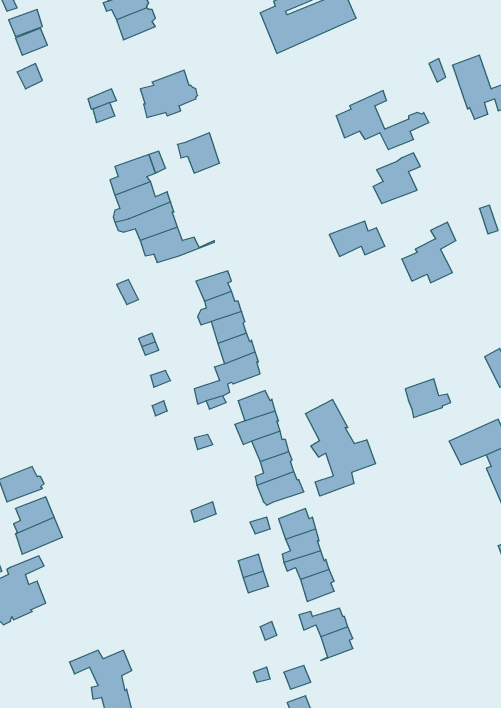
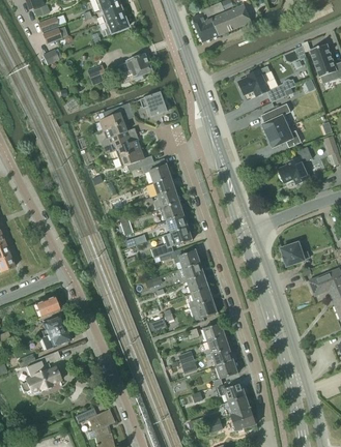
building: [329,221,385,256] -> [266,126,301,148]
building: none -> [132,158,172,182]
building: [305,399,376,496] -> none
building: none -> [229,408,257,431]

